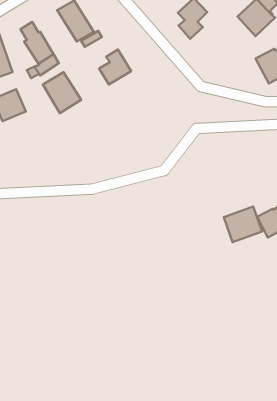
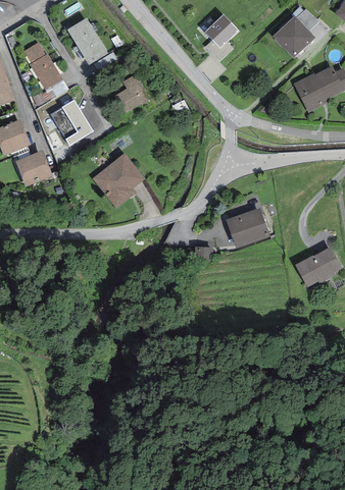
building: none -> [14,150,52,186]
building: none -> [92,153,145,208]
building: [224,206,262,242] -> [226,207,269,248]

